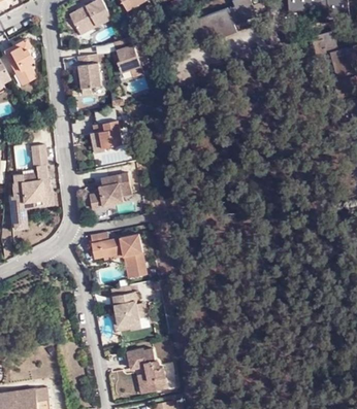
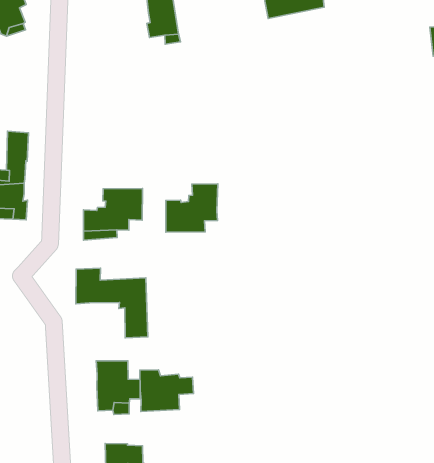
building: [75,52,98,93] -> none
building: [94,121,122,147] -> none
building: none -> [166,184,218,232]
building: none -> [140,370,194,411]

